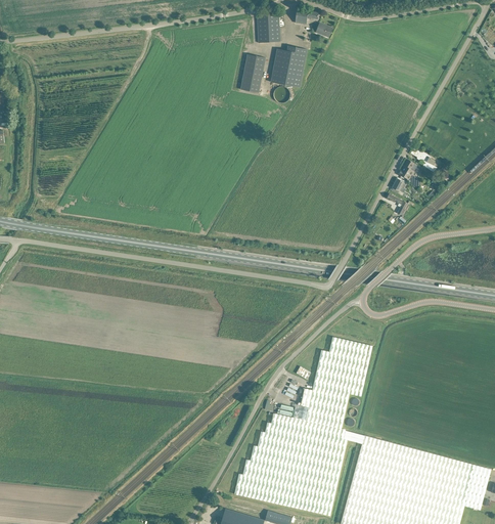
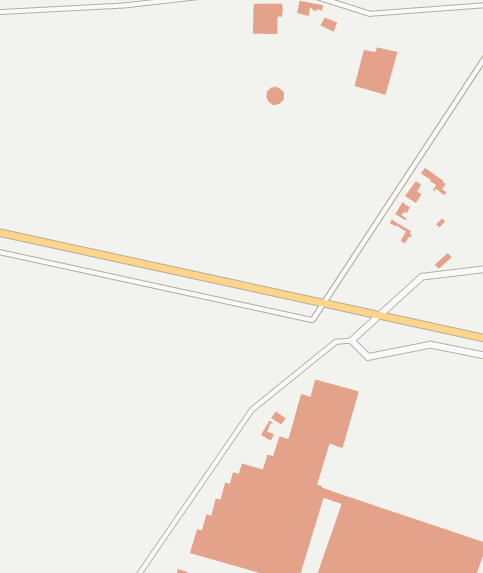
building: [270,46,307,88] -> [353,46,398,96]
building: [240,54,265,93] -> none

